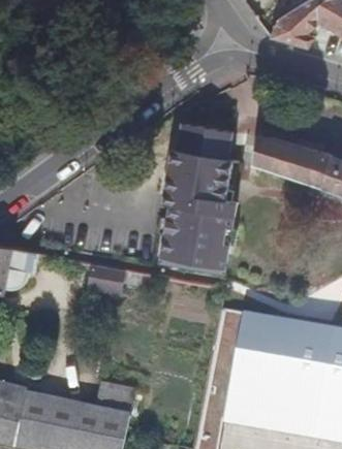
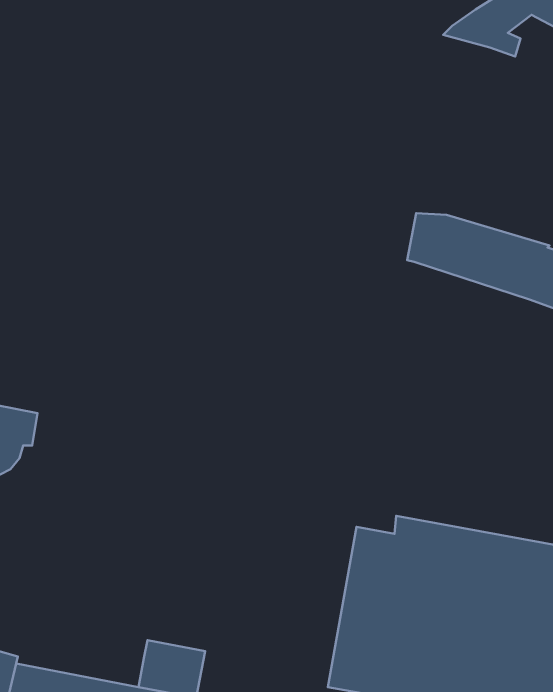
building: [156,122,235,274] -> none
building: [85,261,122,292] -> none

